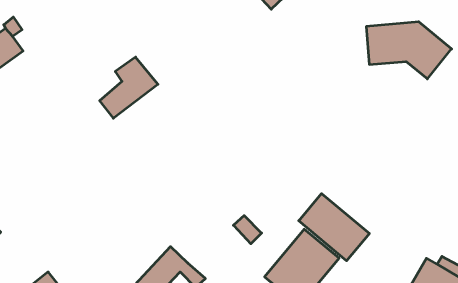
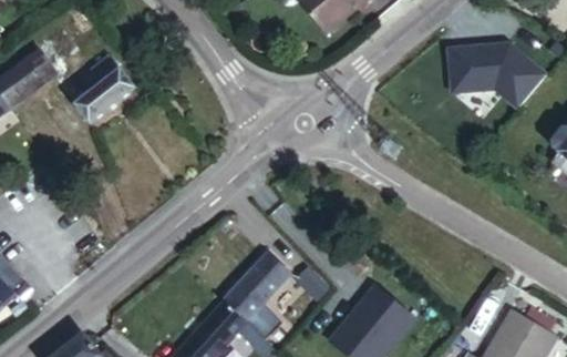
building: [100,57,158,118] -> [71,57,137,126]
building: [299,194,369,261] -> none
building: none -> [221,257,286,338]

